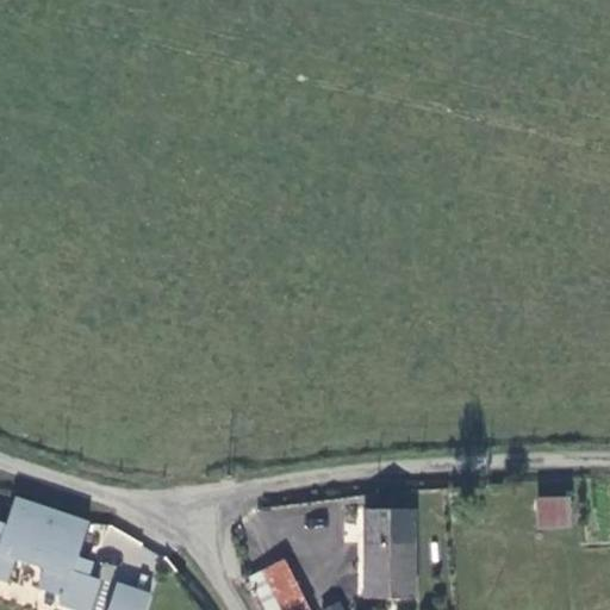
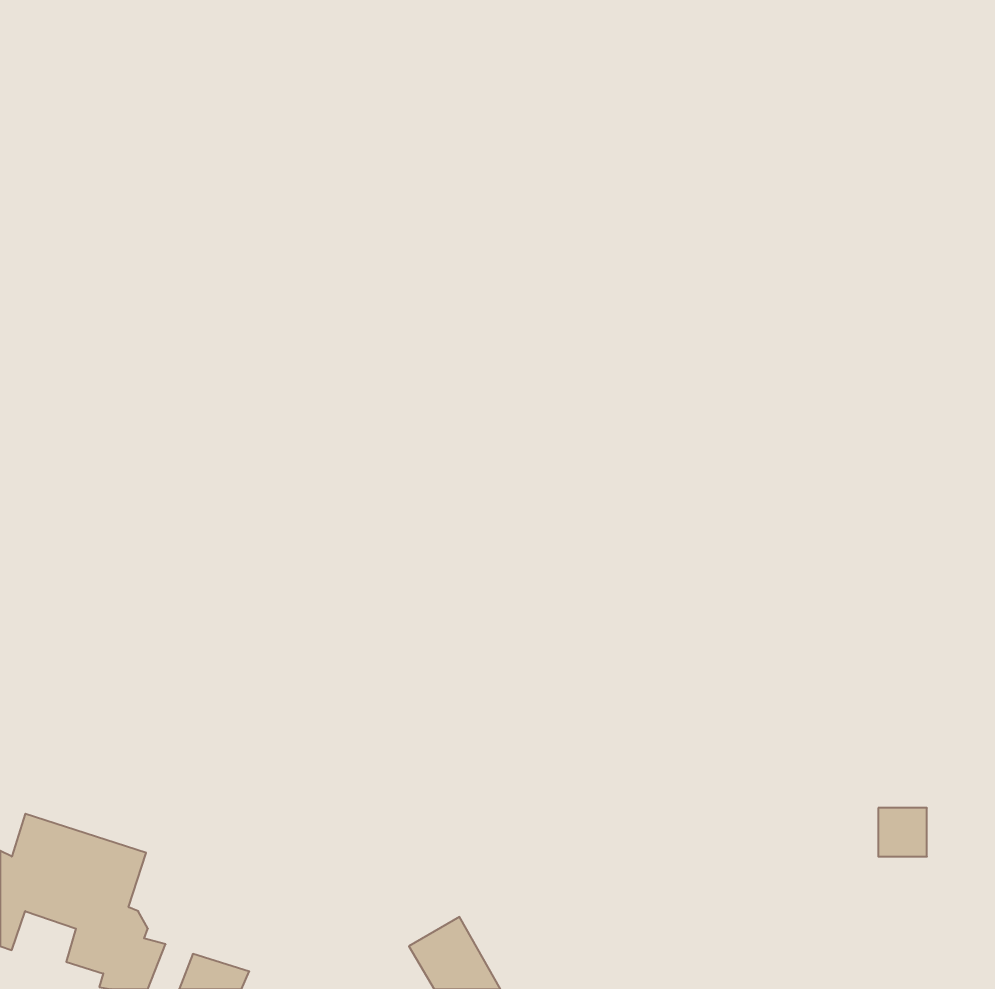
building: [362,508,416,598] -> none

